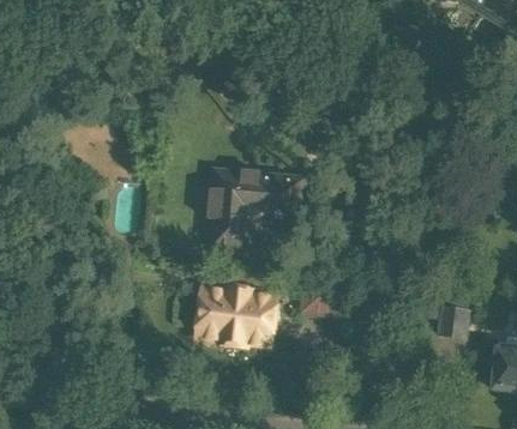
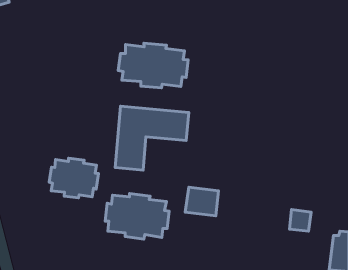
building: none -> [118,43,188,88]
building: none -> [49,158,99,198]

